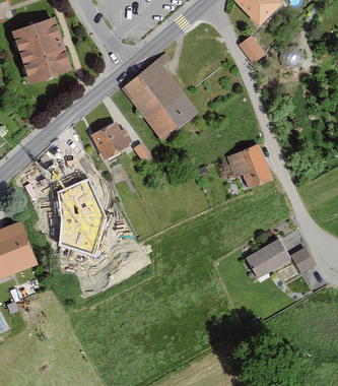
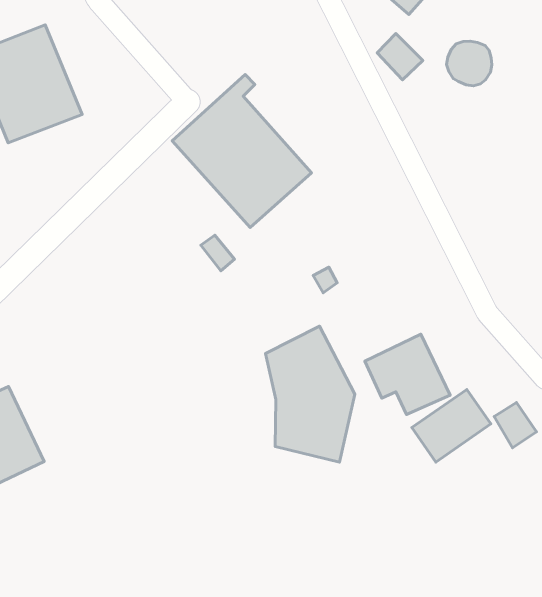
building: [90,122,131,160] -> none
building: [226,144,273,189] -> [365,334,450,414]
building: [58,178,107,255] -> [265,326,355,462]

